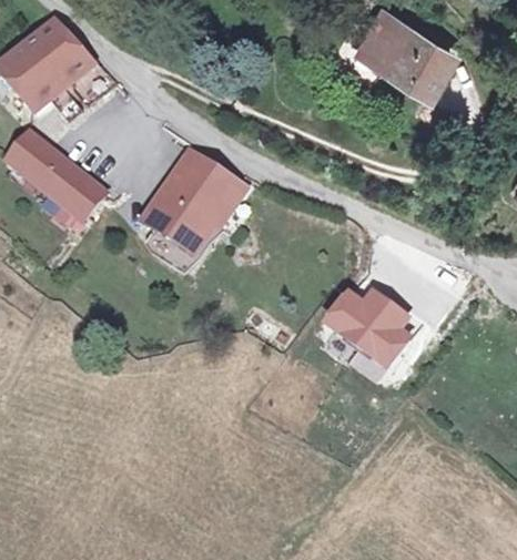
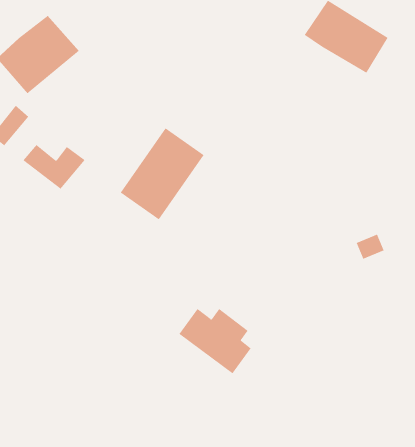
building: [17,141,87,190] -> none
building: [326,293,408,367] -> [179,308,251,374]

